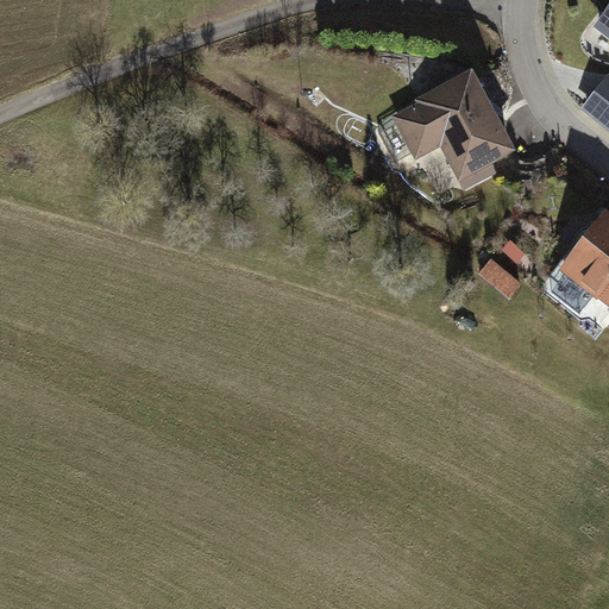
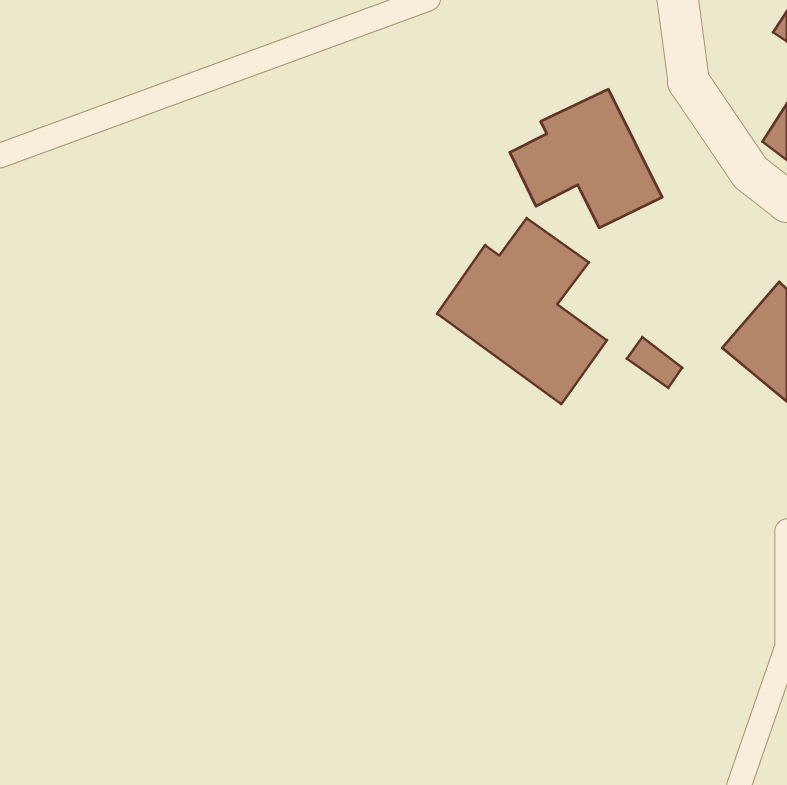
building: none -> [437,218,607,404]

